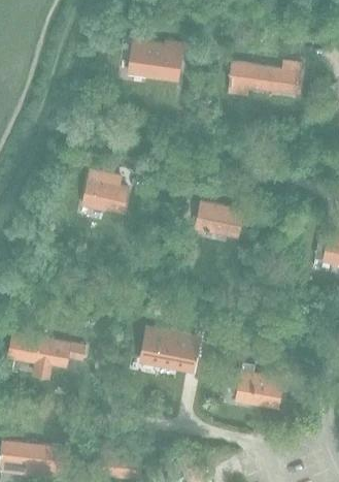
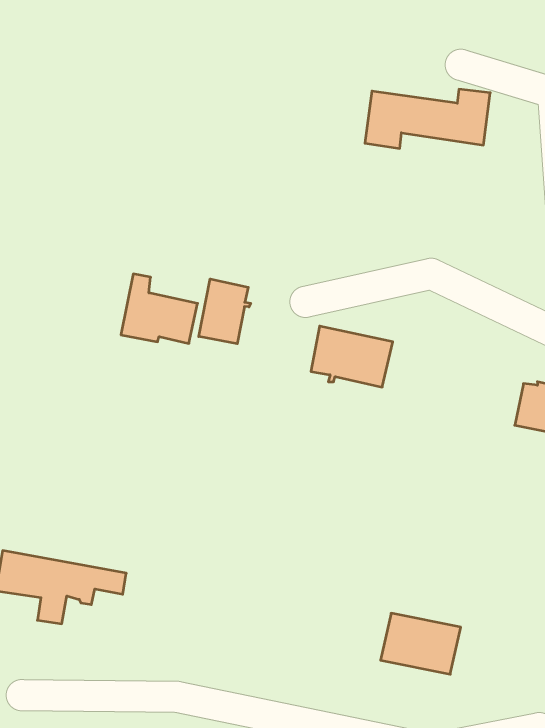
building: [128,38,184,82] -> none
building: none -> [199,279,251,344]
building: [141,328,198,371] -> none

